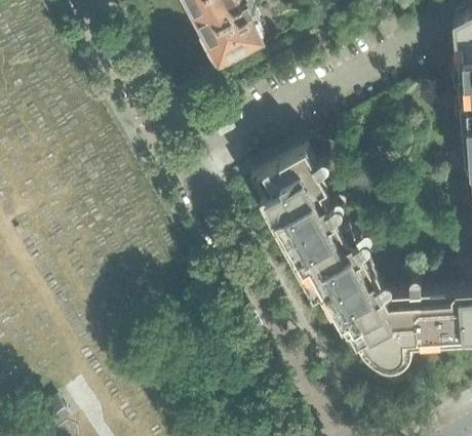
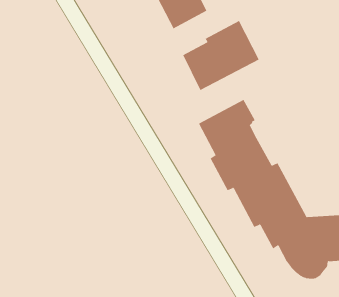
building: none -> [182,20,259,91]

